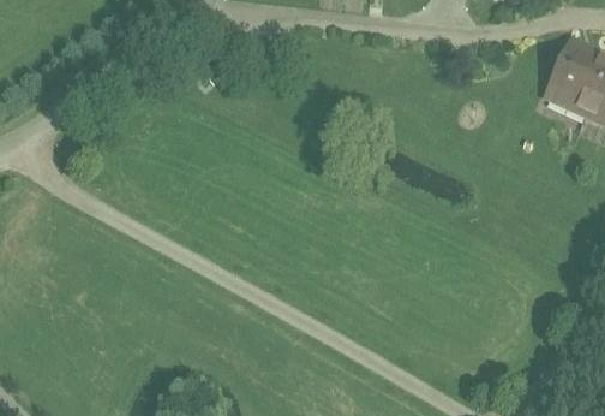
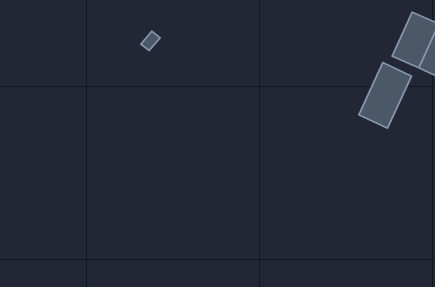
building: none -> [359,63,412,128]

